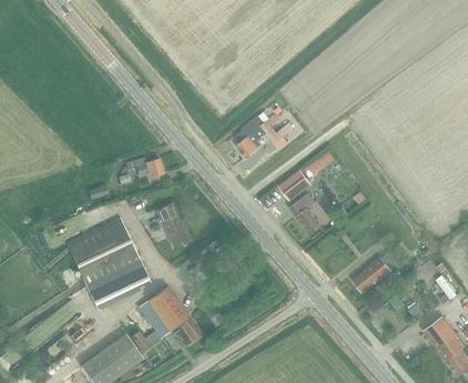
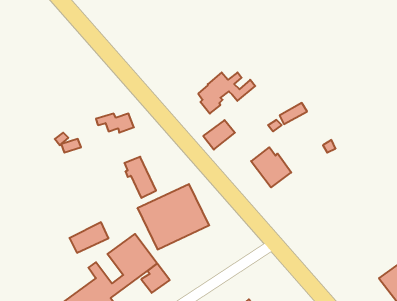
building: [278,170,312,201] -> [203,120,235,150]
building: [65,219,141,288] -> [137,184,209,249]
building: [354,256,390,292] -> none

